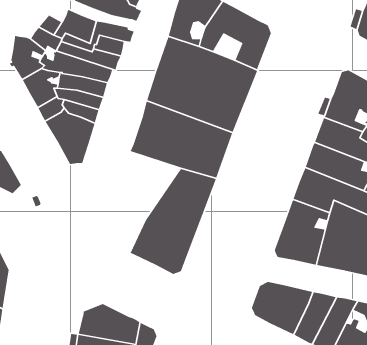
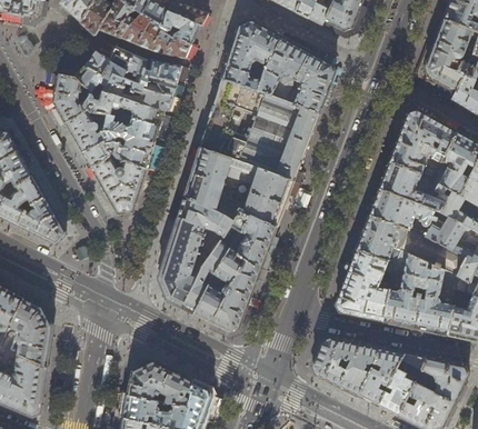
building: none -> [158,199,237,308]

